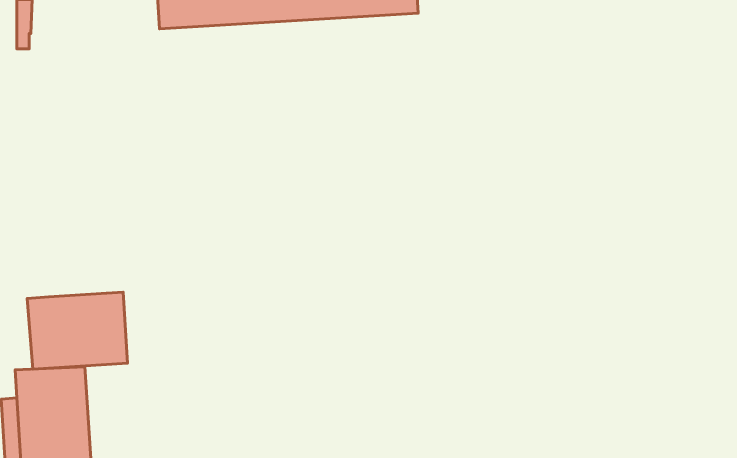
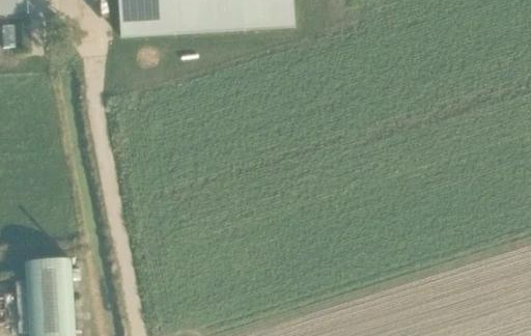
building: [27,292,128,369] -> none

